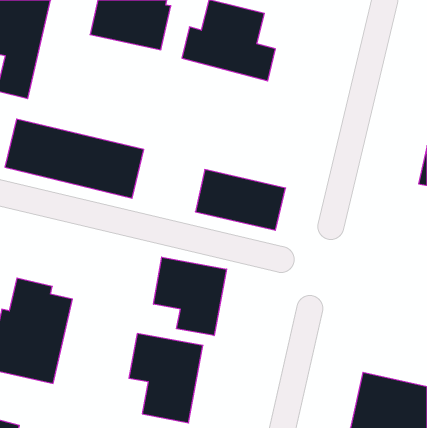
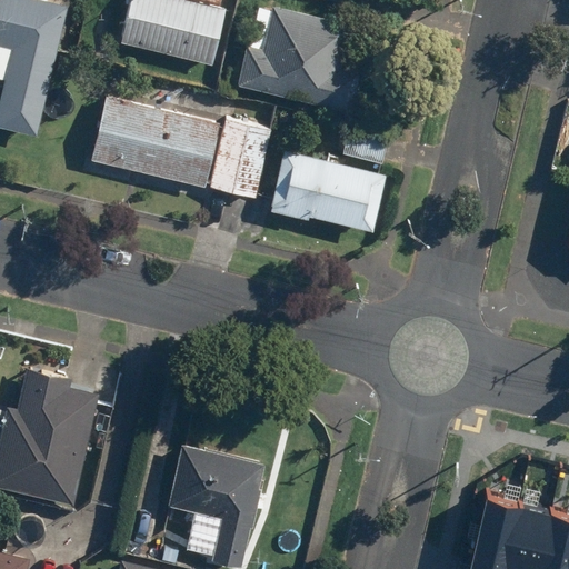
building: [5,119,144,198] -> [90,92,273,197]
building: [195,170,286,230] -> [261,154,380,234]
building: [154,257,227,336] -> none

